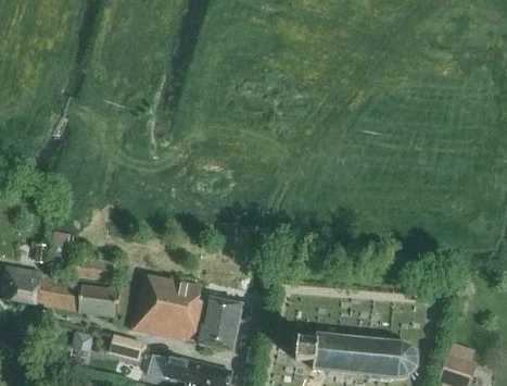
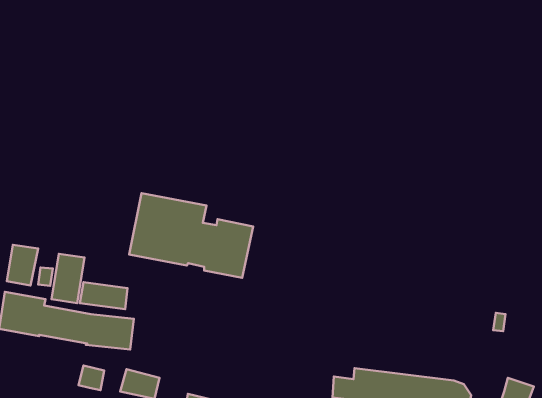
building: none -> [7,245,38,286]
building: [132,275,242,350] -> [129,193,253,278]

